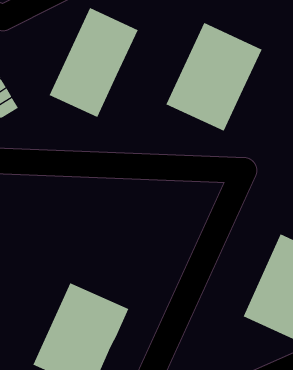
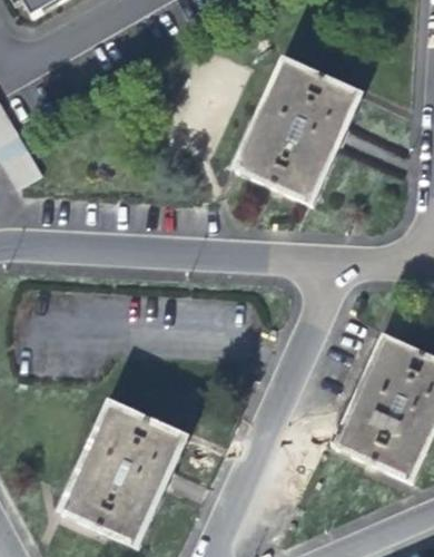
building: [49,7,138,118] -> none

